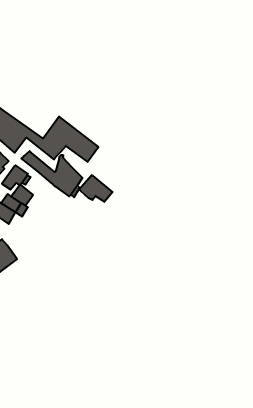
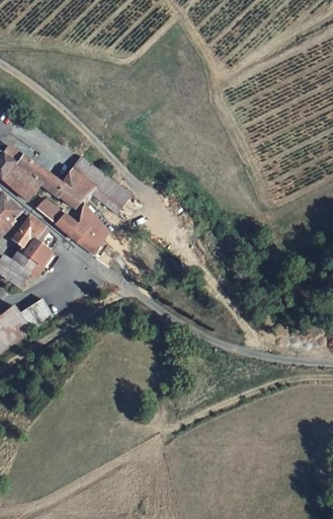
building: [79,175,113,202] -> none
building: none -> [18,298,53,329]

